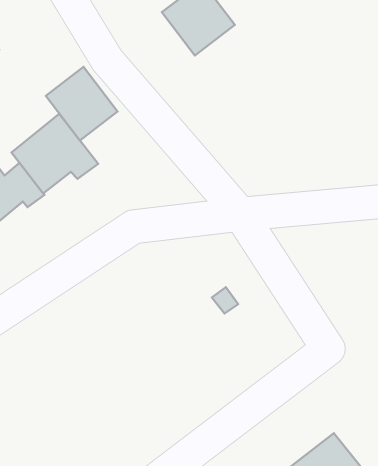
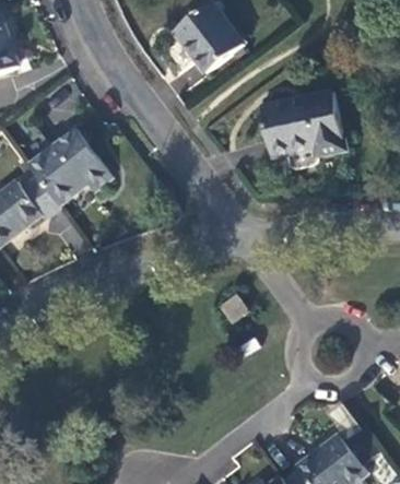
building: [46,67,118,140] -> none
building: none -> [260,91,344,156]

